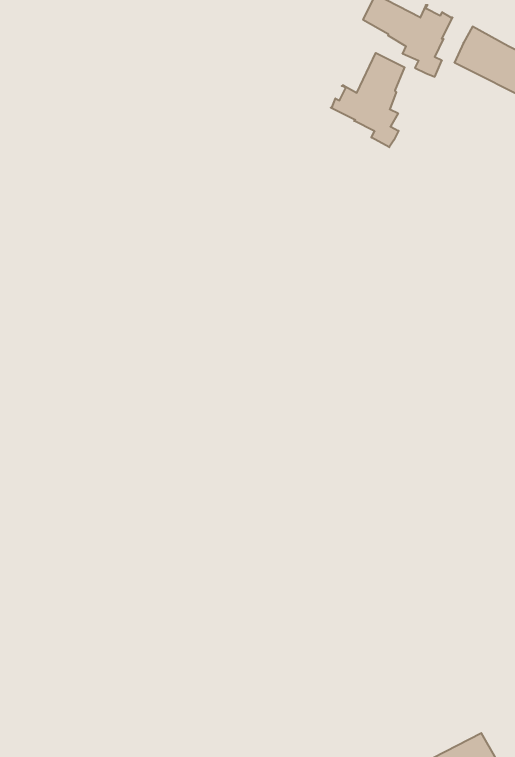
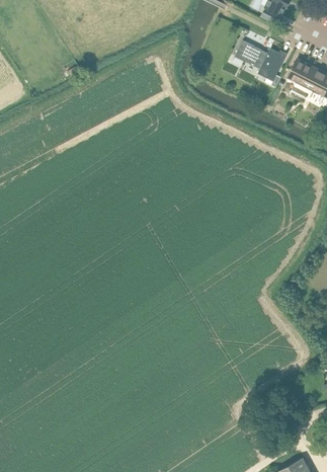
building: [331,53,405,147] -> none

